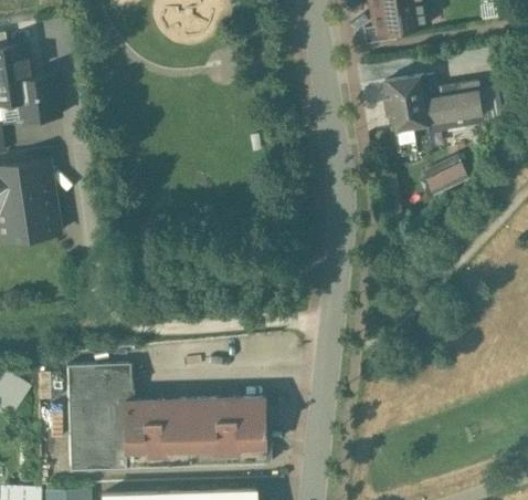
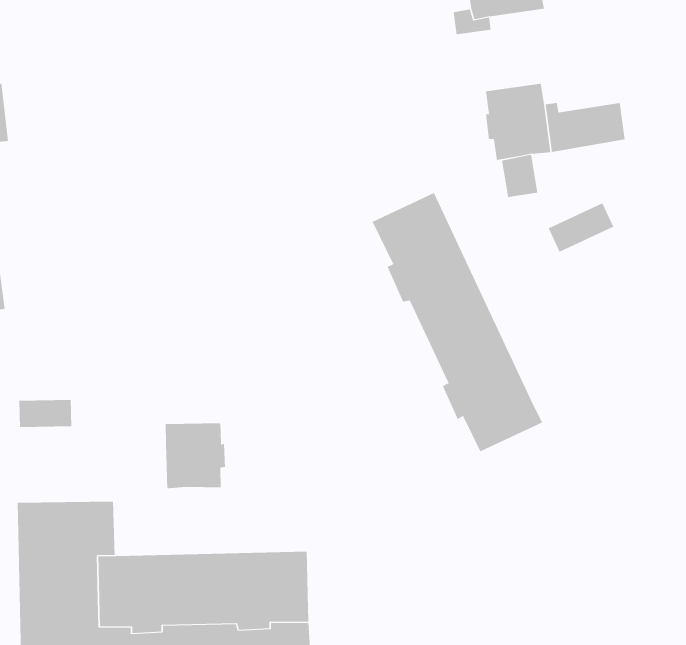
building: none -> [372,192,543,452]
building: none -> [19,399,72,428]
building: none -> [165,422,226,489]

